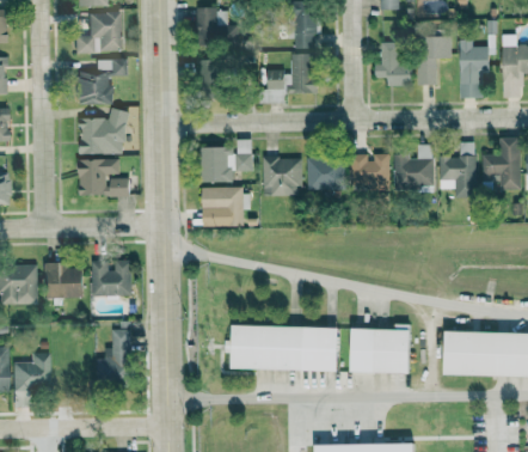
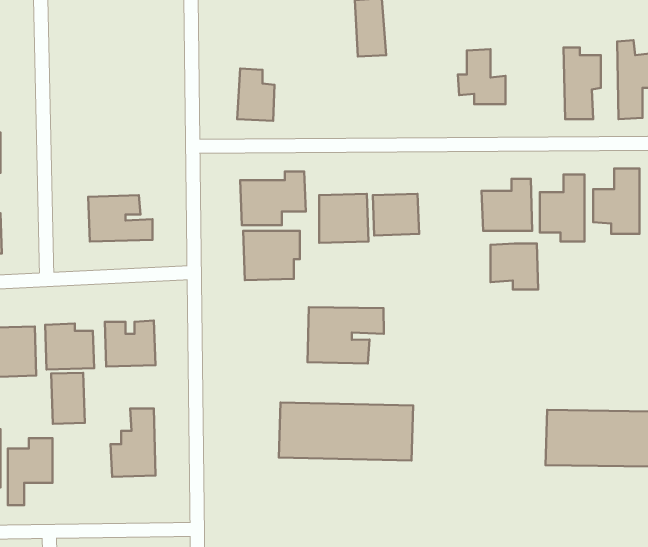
building: [195,8,239,44] -> none
building: [74,13,121,54] -> none
building: [417,37,450,85] -> none
building: [266,54,317,93] -> none
building: [75,59,127,104] -> none
building: [79,110,127,154] -> none
building: [351,154,389,191] -> [491,243,538,290]
building: none -> [307,307,384,363]
building: none -> [51,373,85,424]
building: [350,324,410,374] -> none

